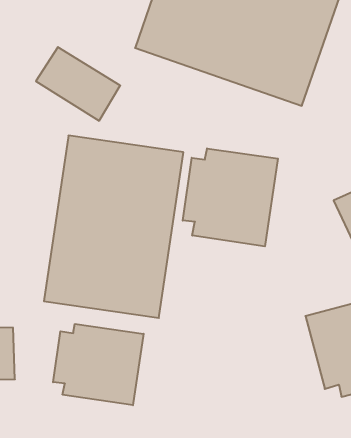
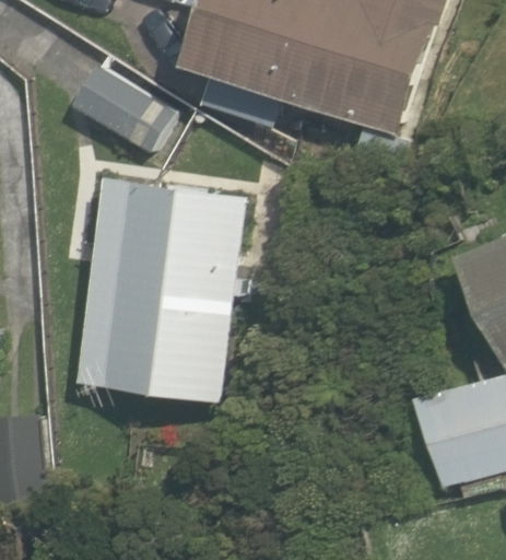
building: [183,148,278,246] -> none
building: [53,324,144,405] -> none

